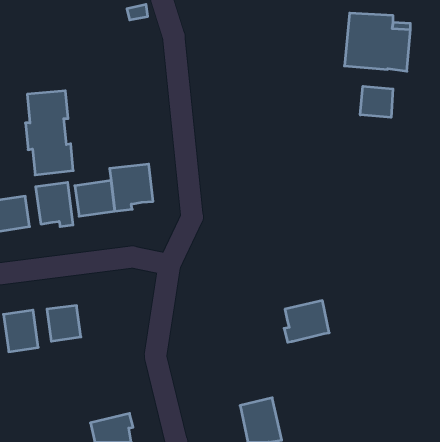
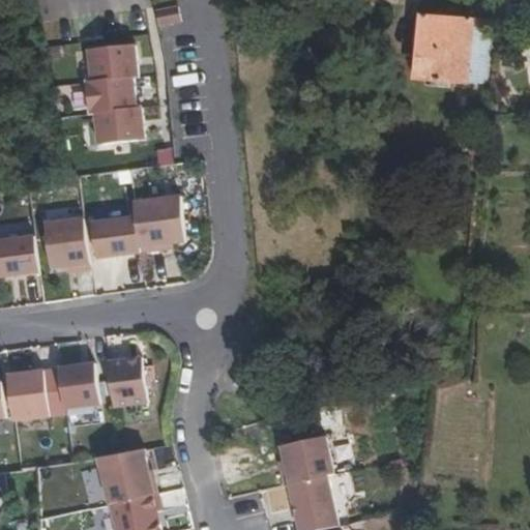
building: [360,86,393,117] -> none
building: [25,91,73,175] -> [86,43,143,144]
building: none -> [105,356,144,406]
building: [284,301,329,342] -> [276,435,330,484]
building: none -> [97,455,154,504]

